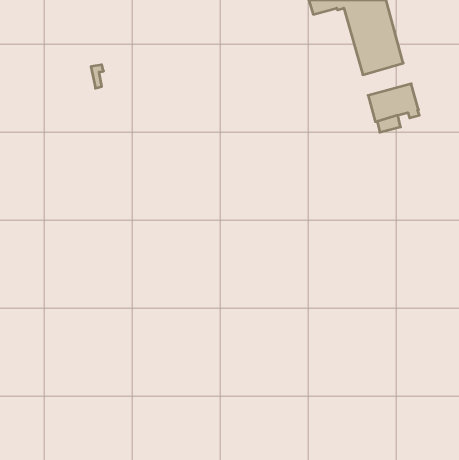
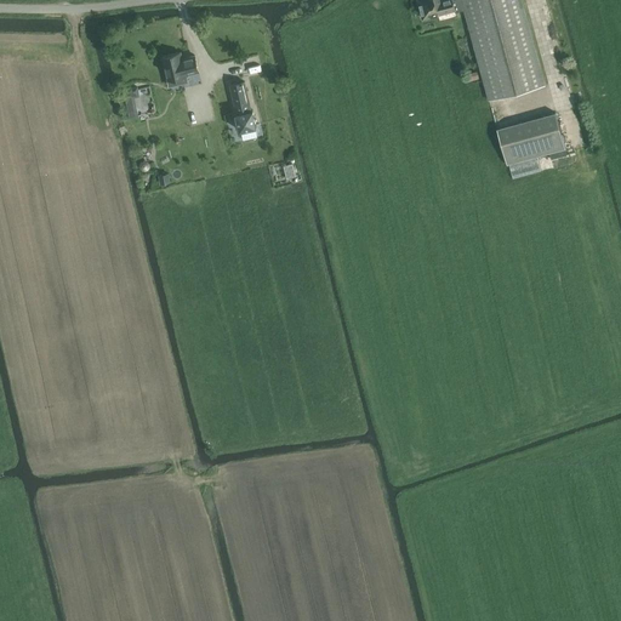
building: none -> [161,52,198,86]
building: none -> [229,82,256,131]

